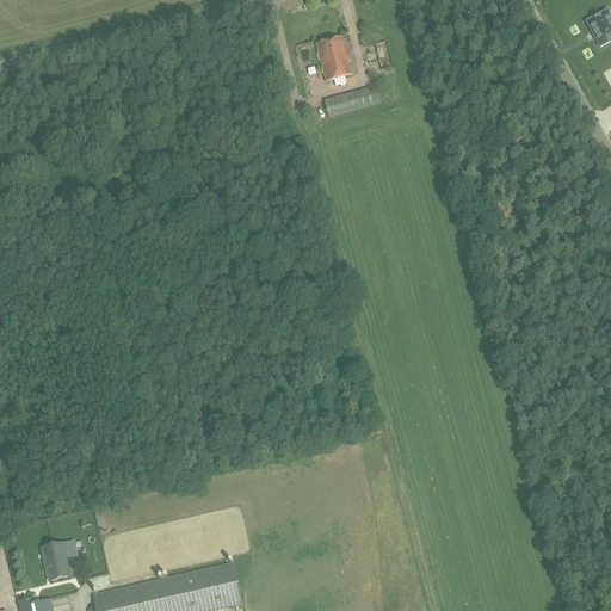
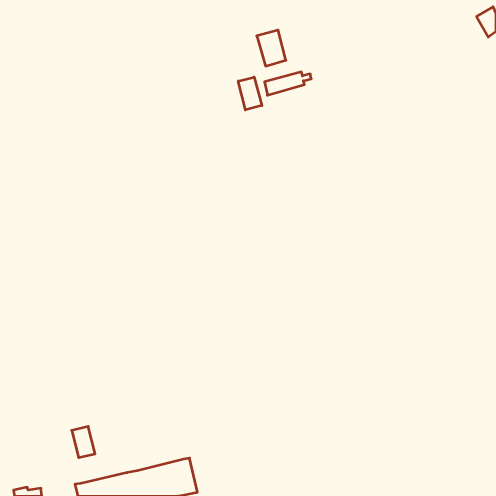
building: none -> [238,77,262,110]
building: [42,543,70,581] -> [72,426,95,458]

